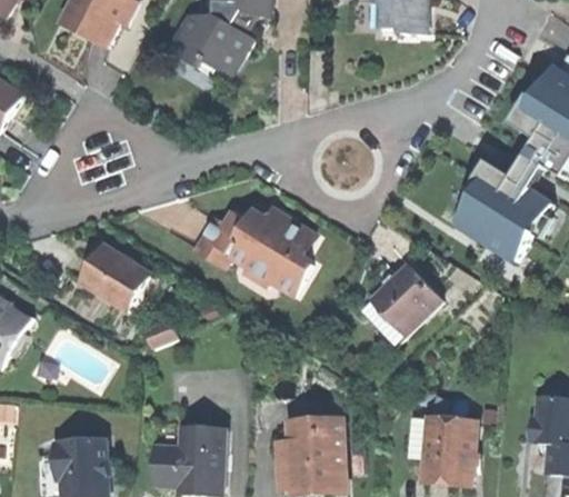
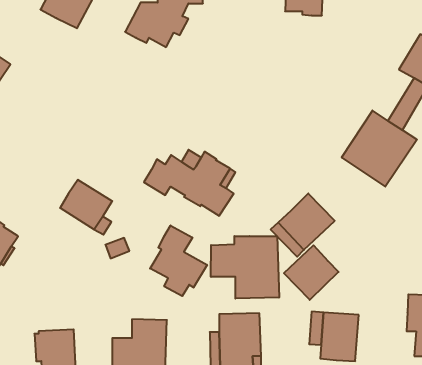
building: none -> [150,225,207,296]
building: none -> [211,236,279,299]
building: none -> [284,245,339,300]

